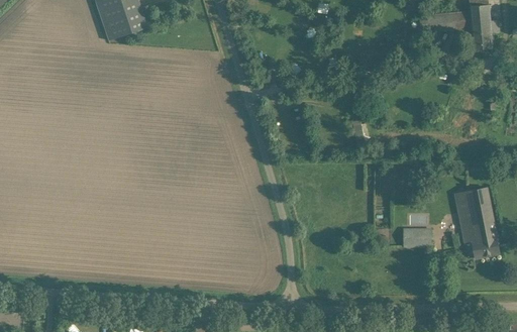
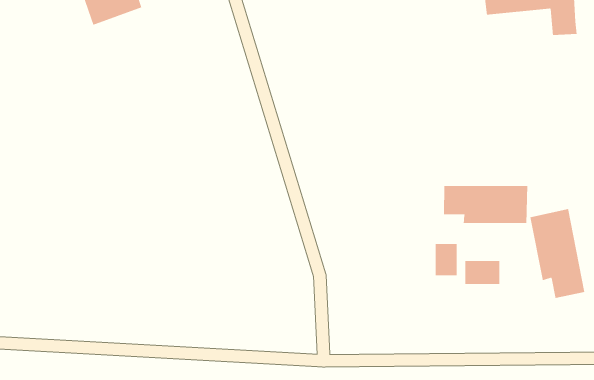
building: none -> [444,185,528,224]
building: none -> [435,243,457,276]

